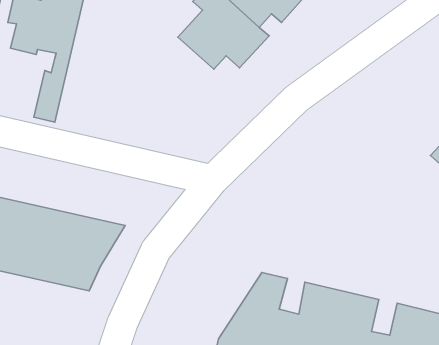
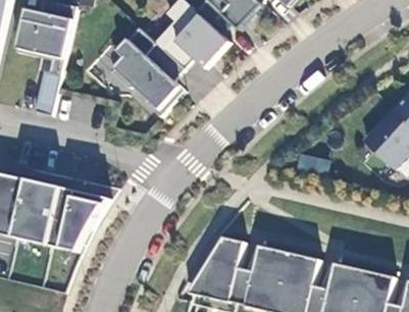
building: none -> [111,24,184,113]

